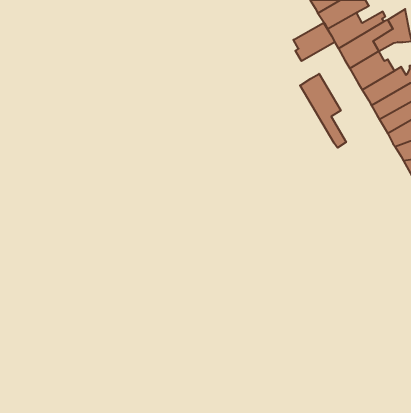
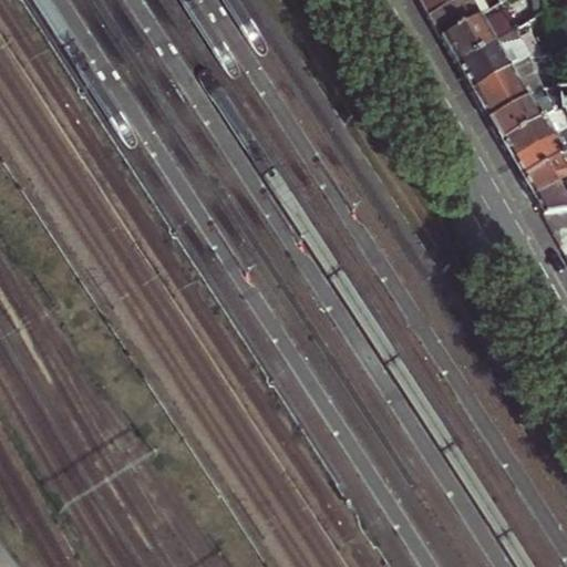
building: [293,23,335,61] -> none
building: [300,74,346,148] -> none

